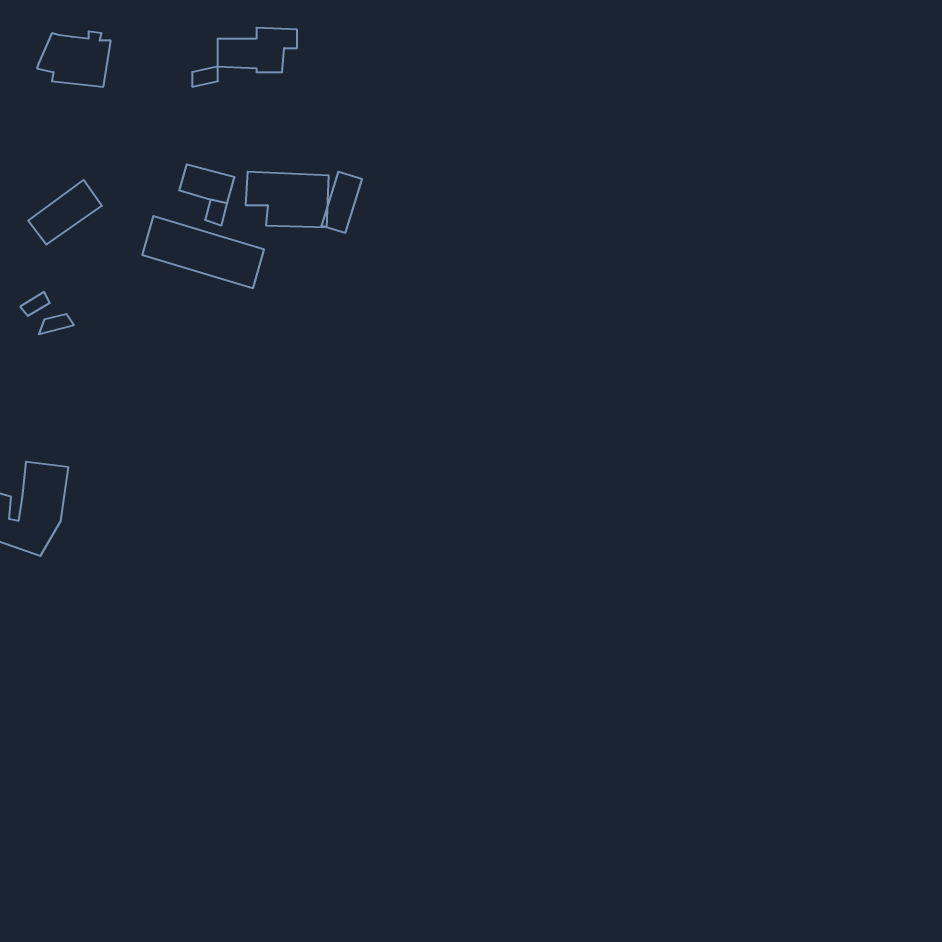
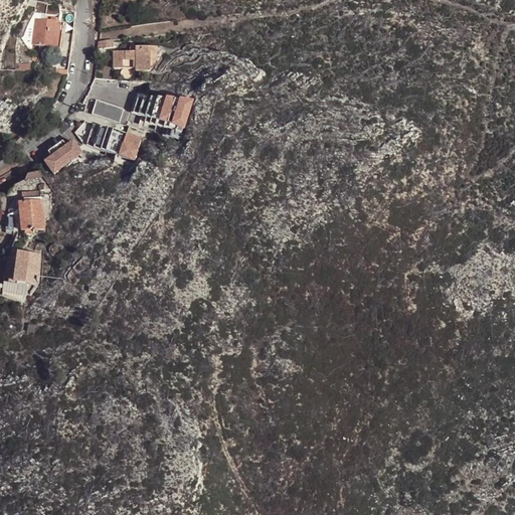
building: [218,28,297,72] -> [111,46,154,70]
building: [28,180,102,245] -> [45,137,85,172]
building: none -> [7,200,41,230]

